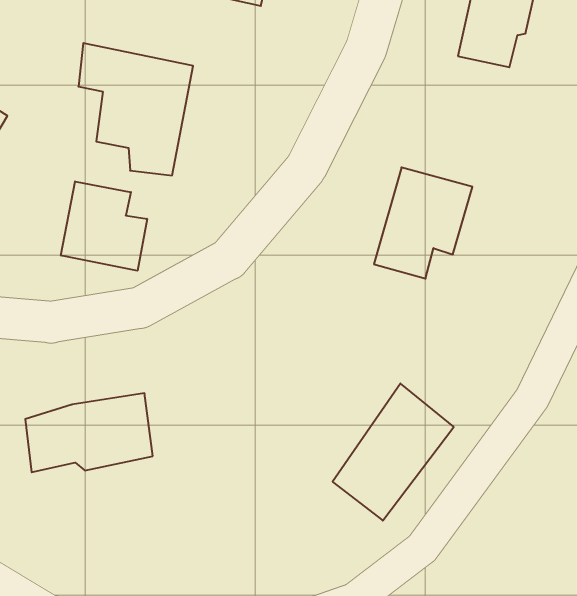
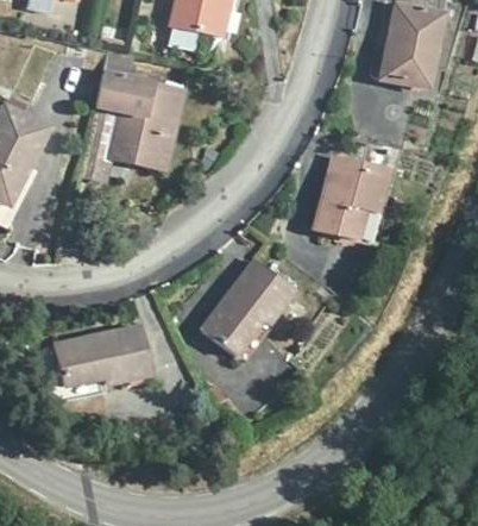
building: [61,181,147,271] -> none
building: [333,383,454,521] -> [202,256,291,357]

